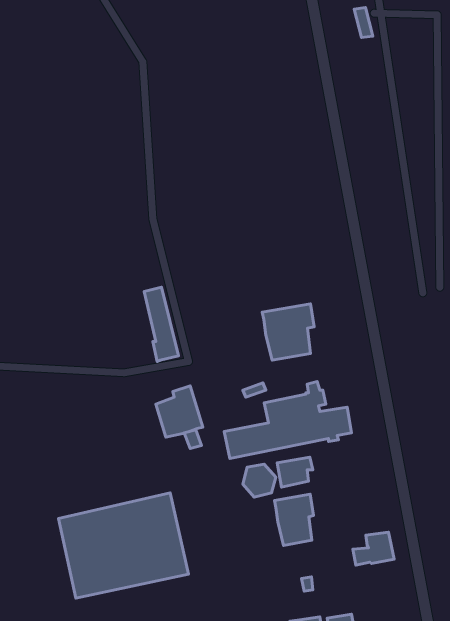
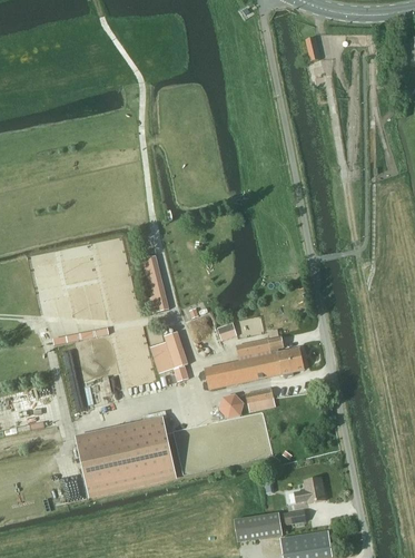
building: [262,304,314,360] -> none
building: [274,494,314,545] -> none
building: [353,532,394,565] -> [293,478,325,503]

